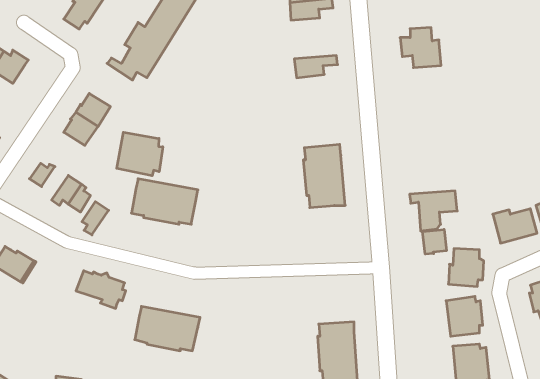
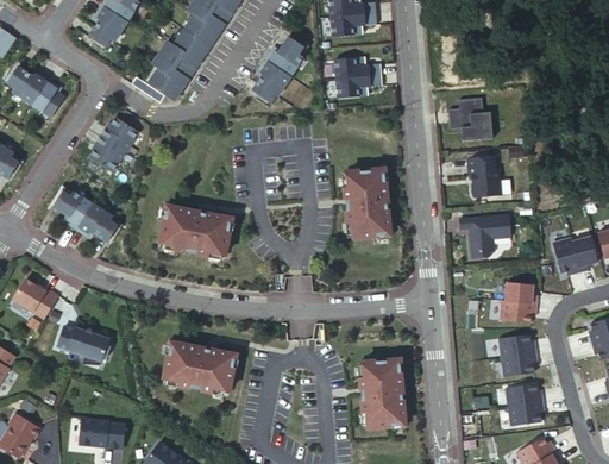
building: none -> [255,31,308,98]
building: [400,28,441,68] -> [447,101,491,144]
building: none -> [334,56,381,77]
building: none -> [33,83,64,117]
building: [117,132,163,176] -> none
building: none -> [466,159,501,200]
building: [82,202,109,235] -> [64,193,93,228]
building: [422,229,446,254] -> none
building: [76,271,126,308] -> [56,325,109,365]

